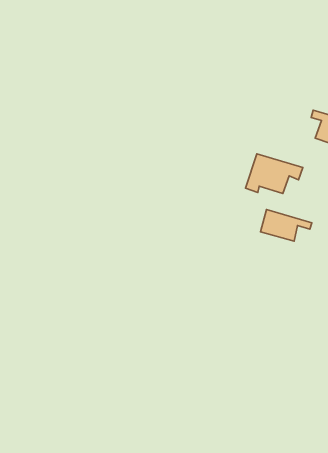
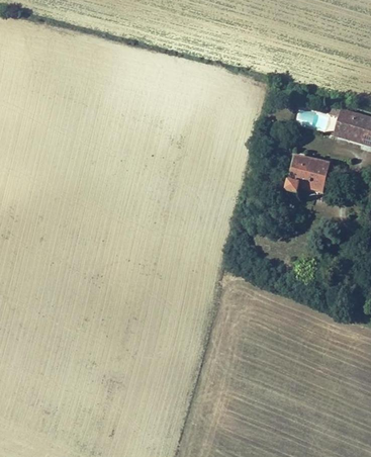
building: [260,209,312,241] -> none

